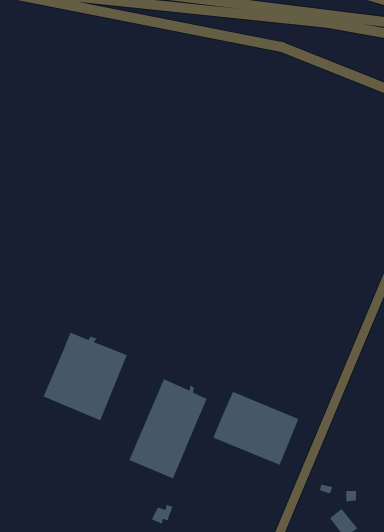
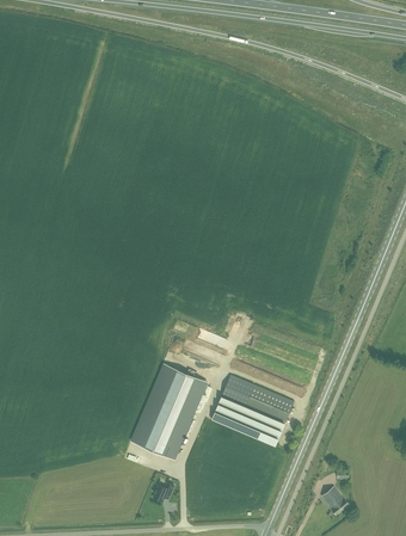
building: [43,332,127,421] -> none

